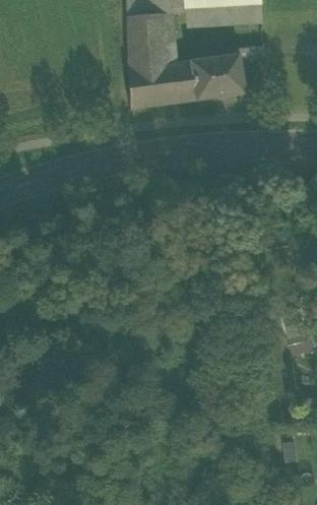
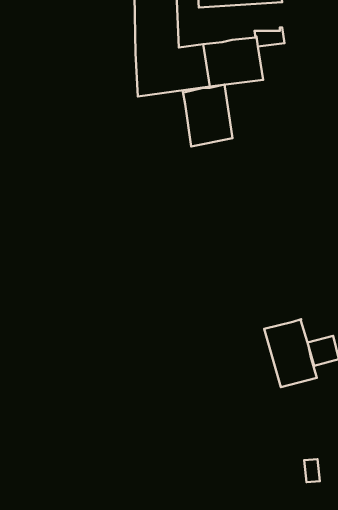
building: none -> [183,85,232,146]
building: none -> [264,319,317,387]

